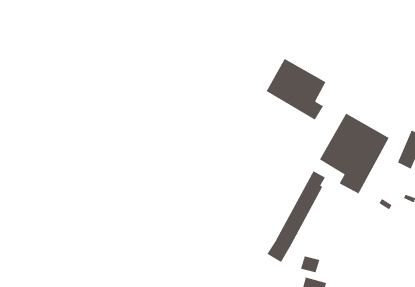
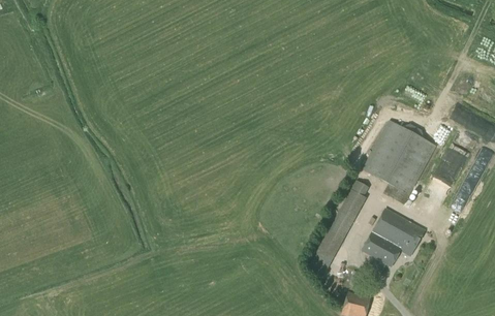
building: [266,58,326,121] -> none
building: none -> [362,207,425,264]

